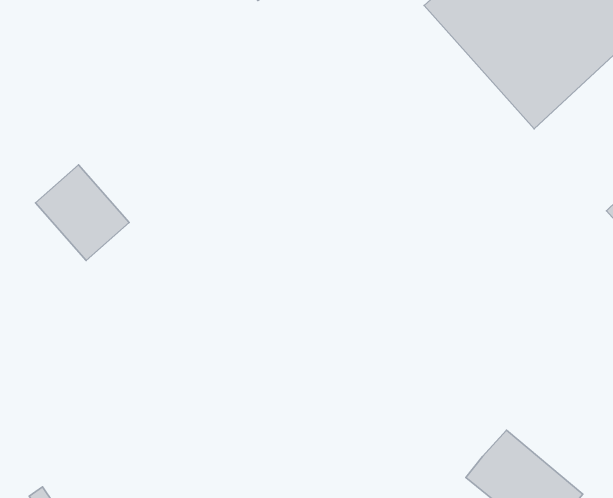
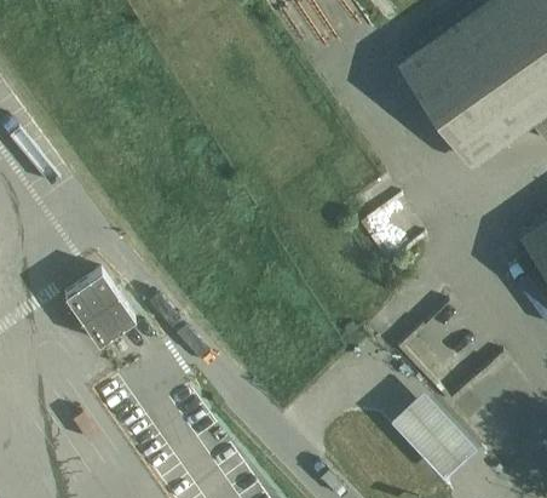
building: [36,165,129,260] -> [64,274,134,348]

